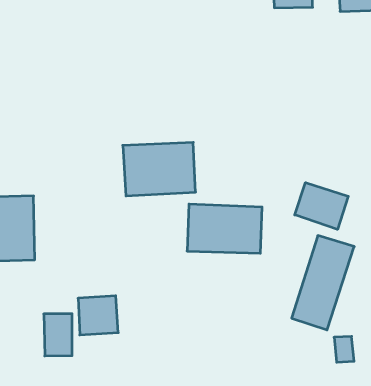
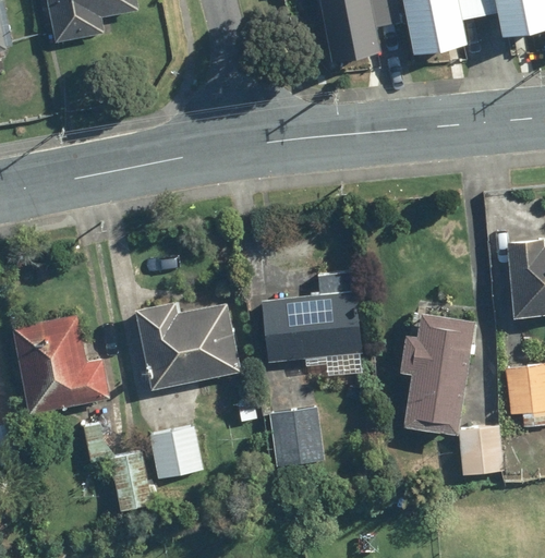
building: [123,142,196,196] -> [142,311,238,387]
building: [295,183,348,229] -> none
building: none -> [270,408,323,465]

